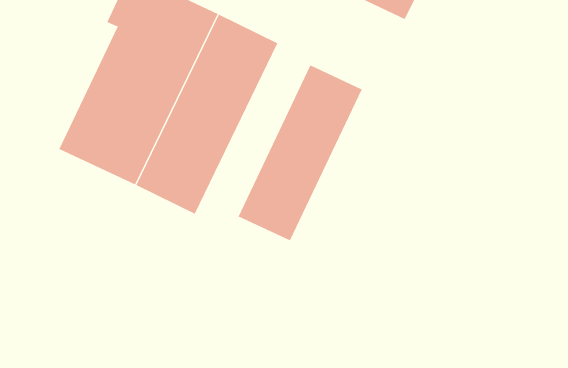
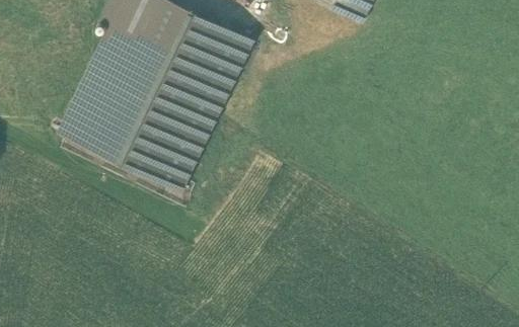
building: [238,65,362,241] -> none

